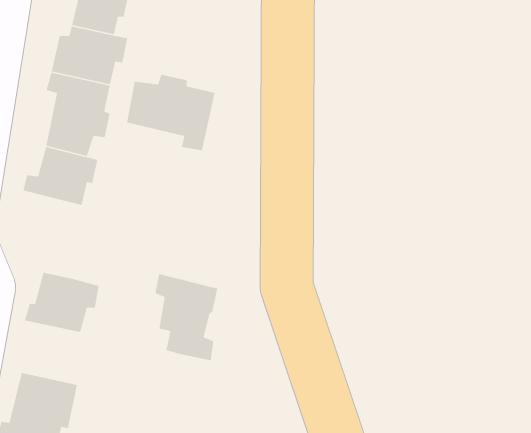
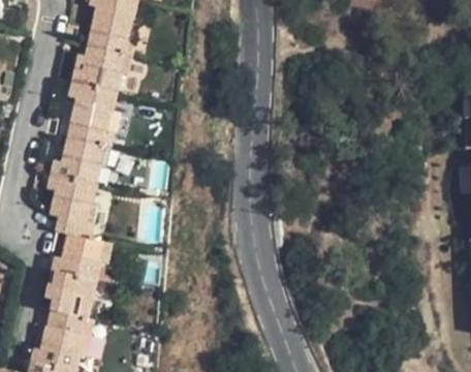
building: [126,74,216,151] -> none
building: [155,273,218,361] -> [49,173,97,240]
building: none -> [48,272,98,320]

